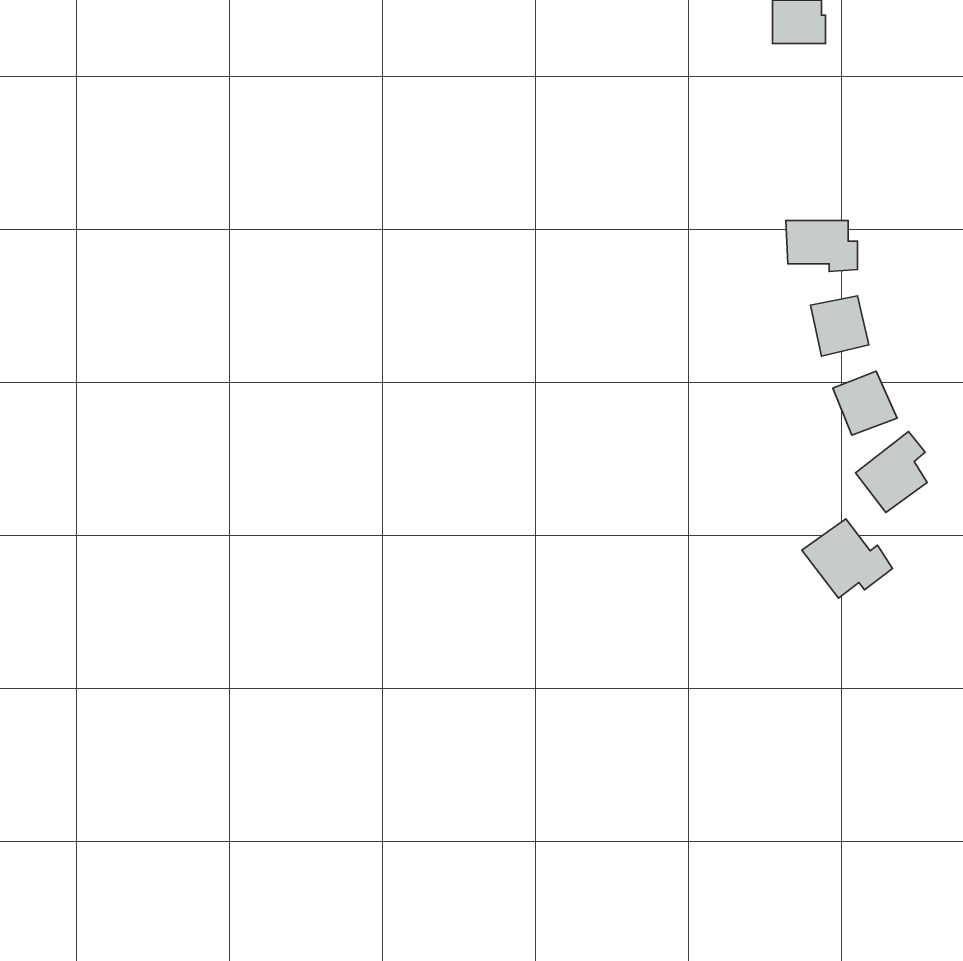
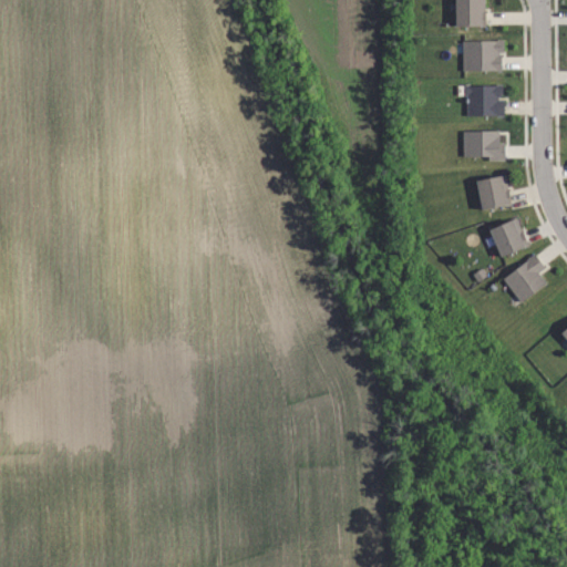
building: none -> [462,39,503,71]
building: none -> [465,85,505,116]
building: [802,519,892,598] -> none

